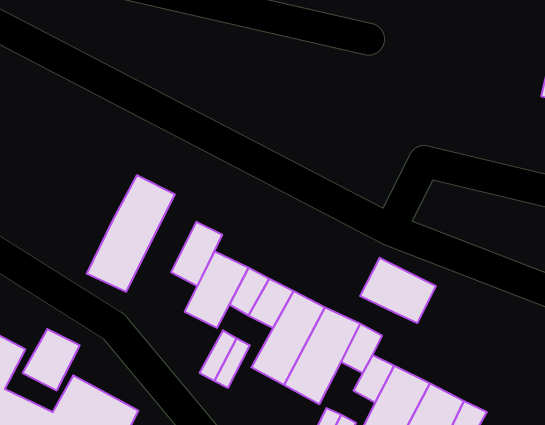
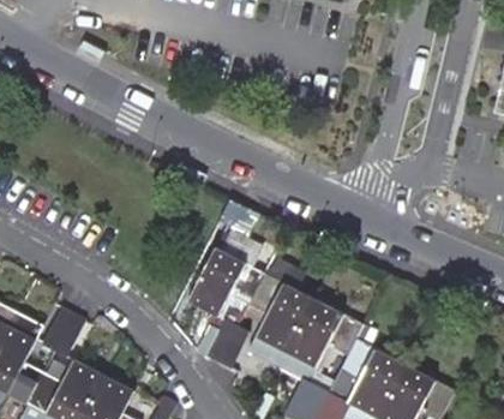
building: [87,175,175,292] -> none
building: [171,222,222,286] -> none
building: [360,258,436,323] -> none

